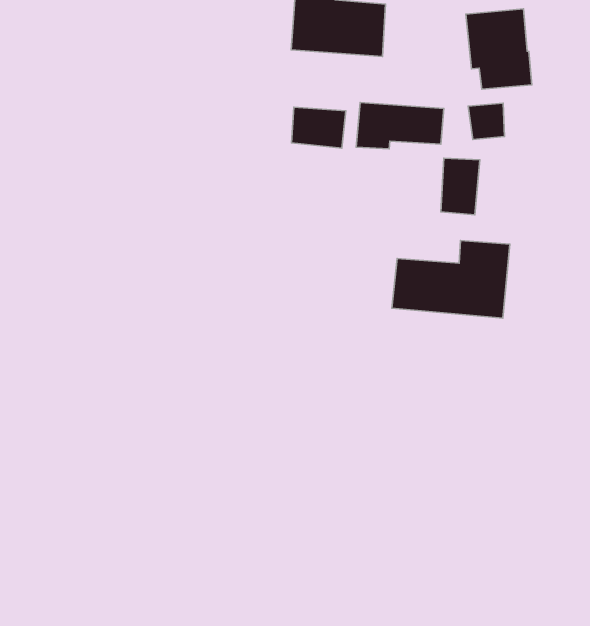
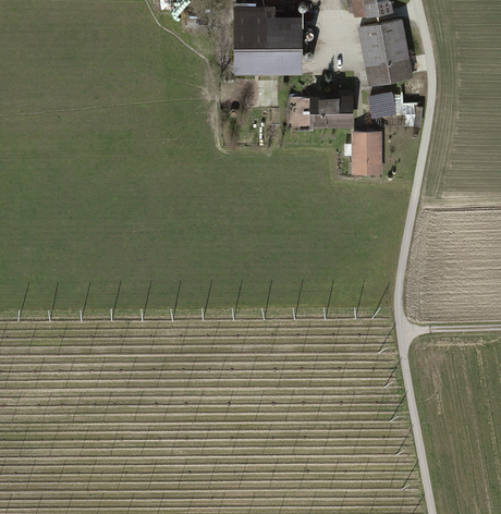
building: [291,107,346,148] -> none
building: [392,240,510,318] -> none

